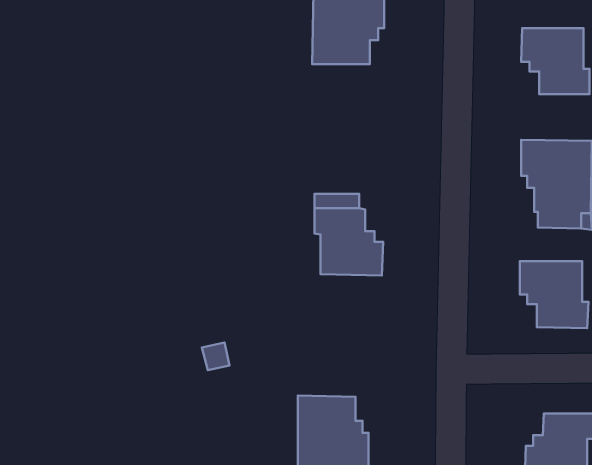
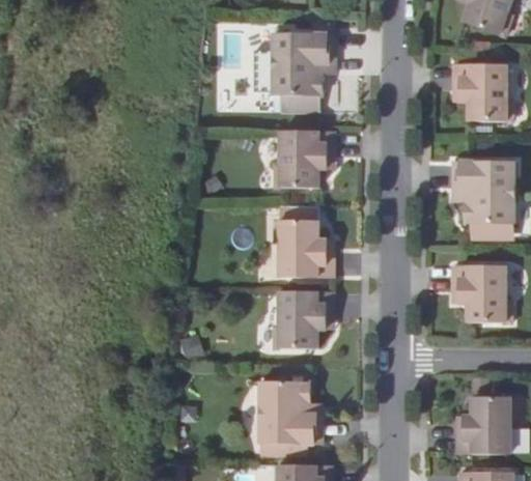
building: none -> [274,131,333,188]
building: none -> [273,291,332,348]

